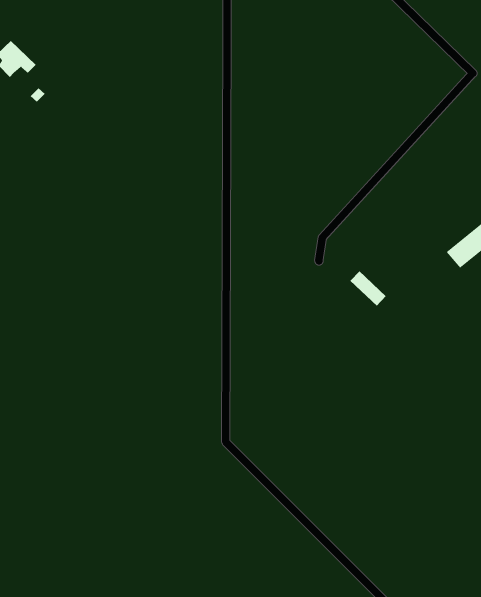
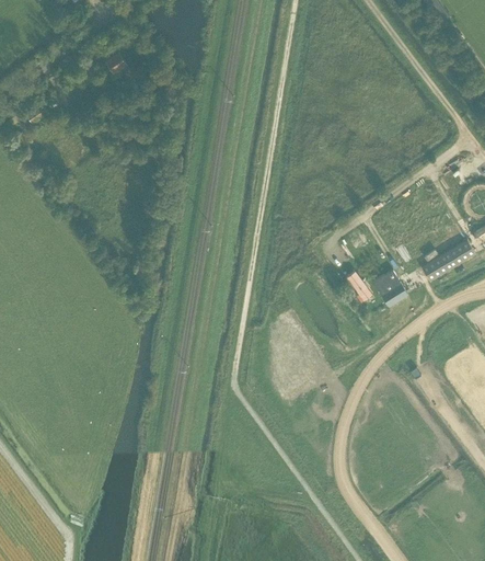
building: none -> [369,267,405,305]

